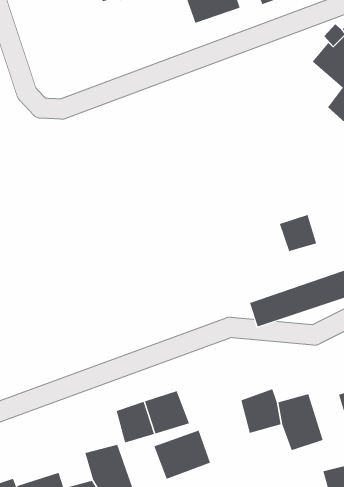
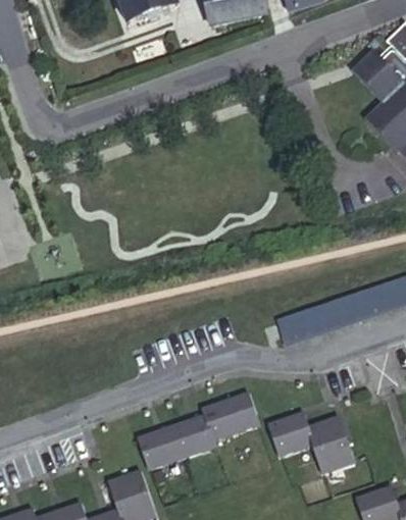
building: [279,214,317,252] -> none
building: [153,430,211,479] -> [201,389,261,441]

